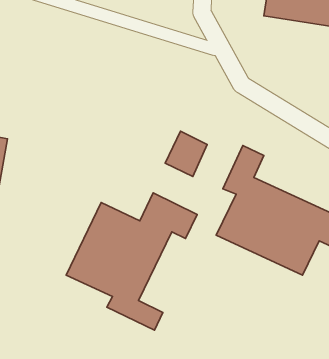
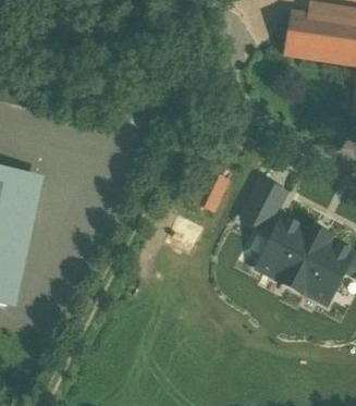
building: [66,193,197,330] -> none

